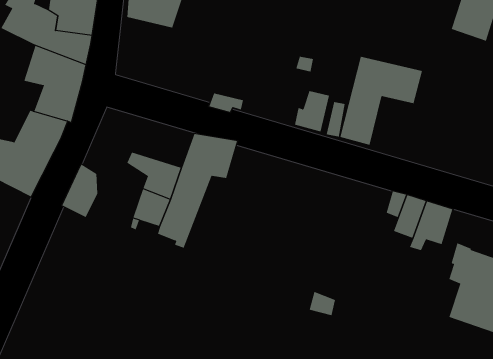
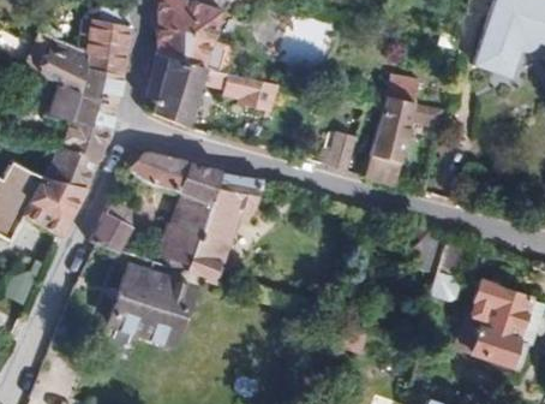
building: none -> [146,57,274,125]
building: none -> [127,151,221,204]
building: none -> [109,267,190,343]

